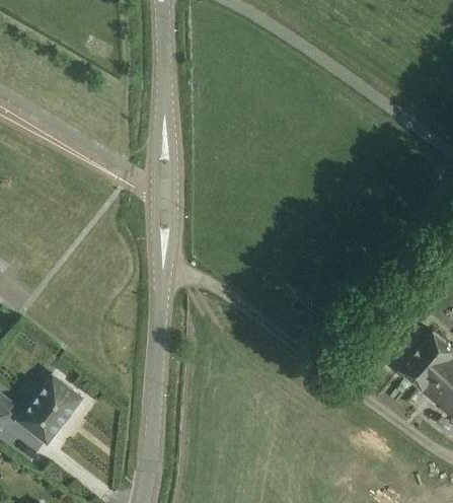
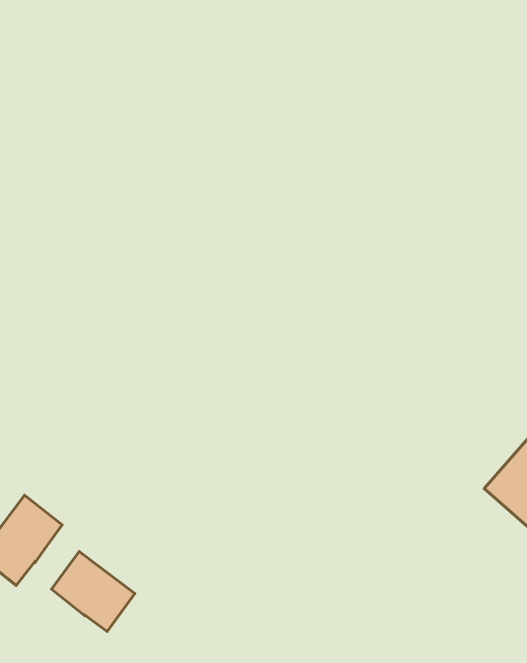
building: none -> [52,551,135,631]

